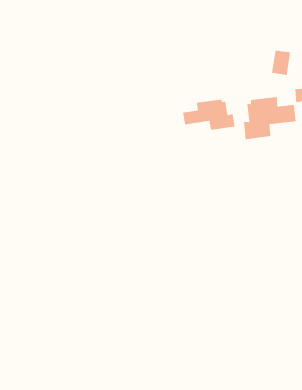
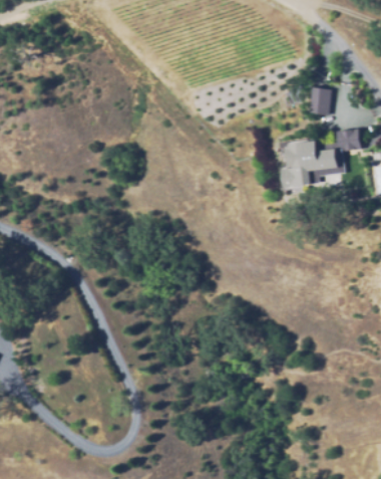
building: [183,99,235,130] -> none

